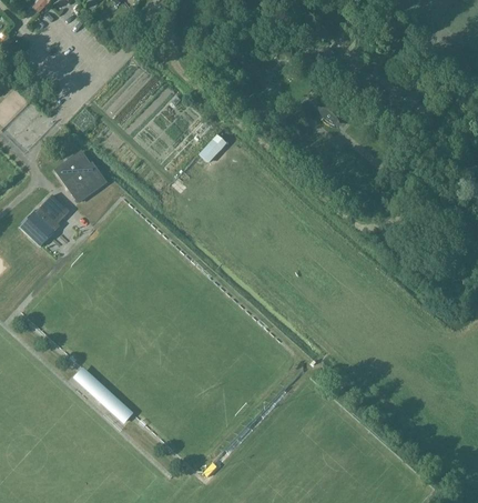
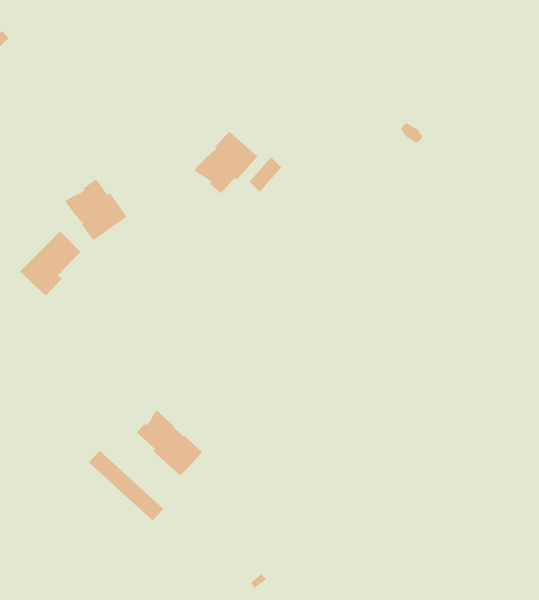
building: none -> [194,131,258,194]
building: none -> [136,410,202,477]

